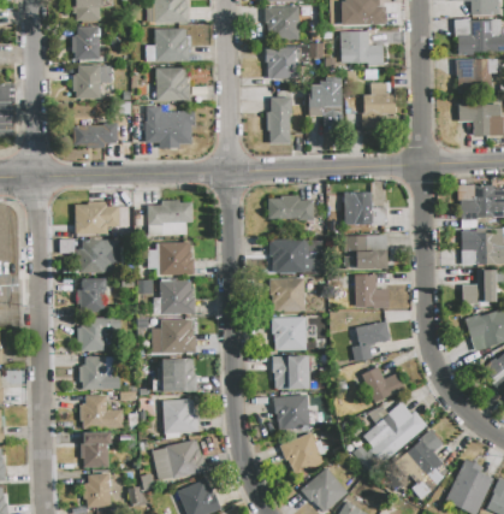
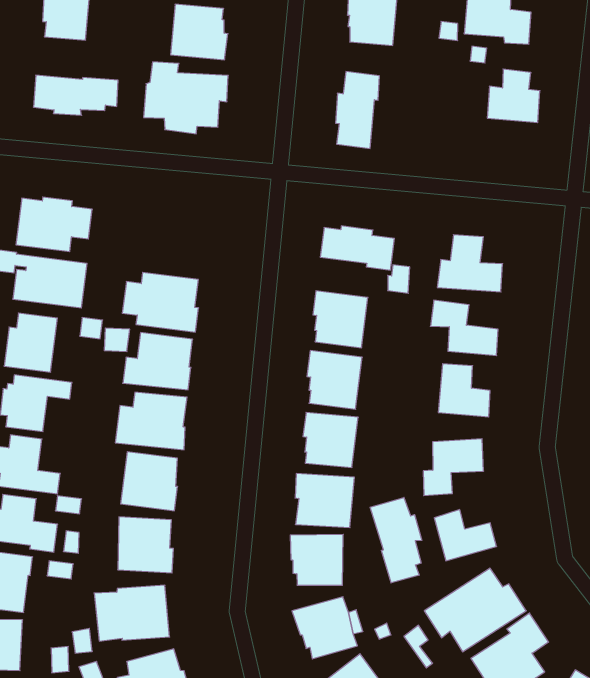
building: [308,87,343,131] -> none
building: [147,199,194,224] -> none
building: none -> [370,497,422,583]

